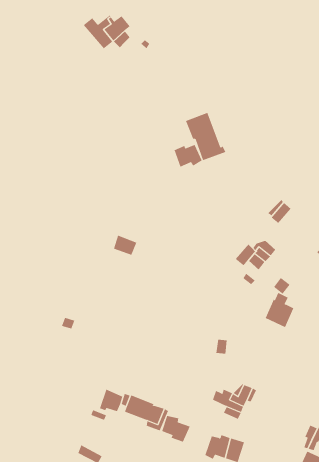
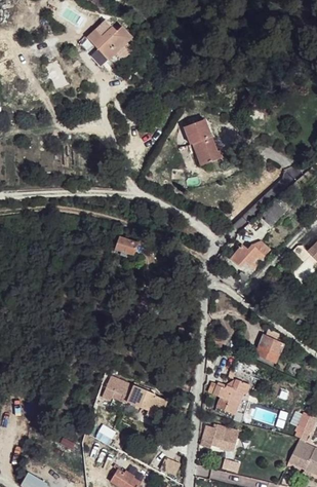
building: [174,144,202,168] -> none
building: [265,292,294,328] -> [255,329,283,363]
building: [161,415,191,442] -> none

